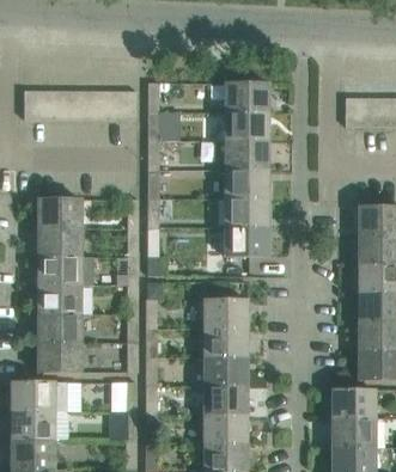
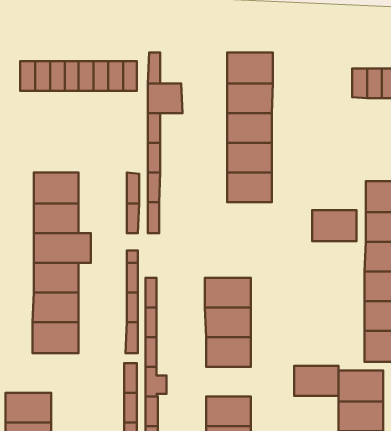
building: [225,226,268,256] -> [312,210,357,241]
building: [11,380,67,410] -> none
building: [205,385,248,413] -> [294,366,339,396]

